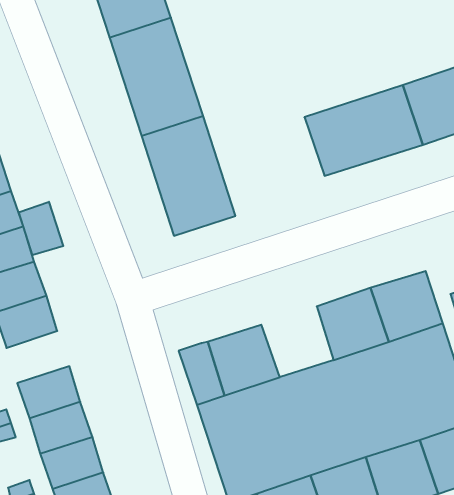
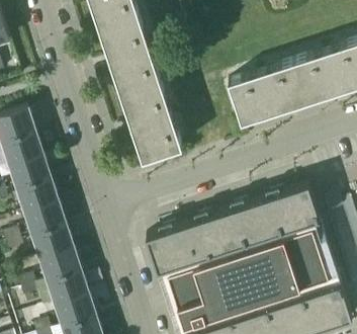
building: [19,202,63,255] -> none
building: none -> [199,208,247,255]
building: none -> [31,225,73,259]

